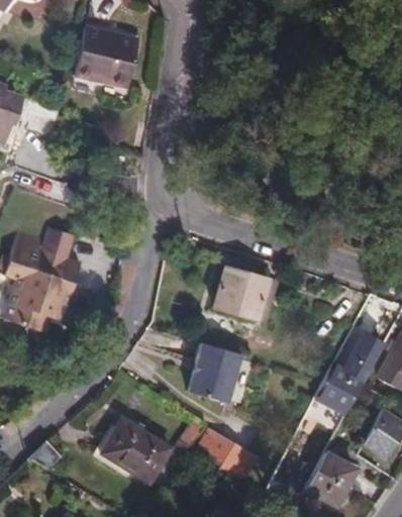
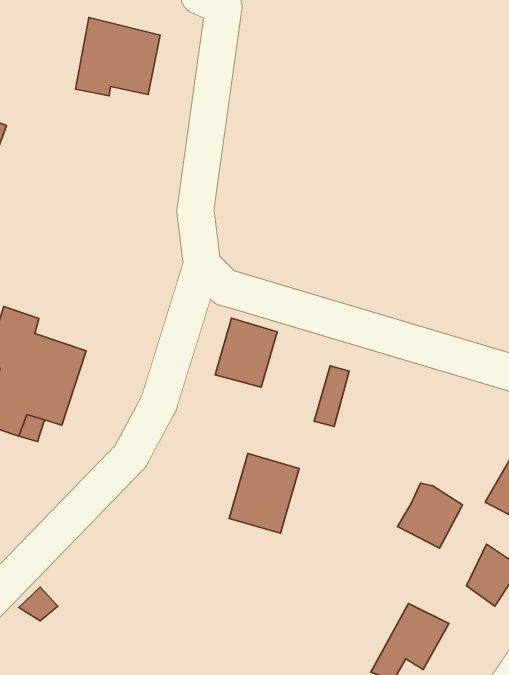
building: [217,267,264,318] -> [215,318,277,387]
building: [340,329,386,380] -> none
building: [101,421,181,488] -> none
building: [194,428,259,484] -> none

